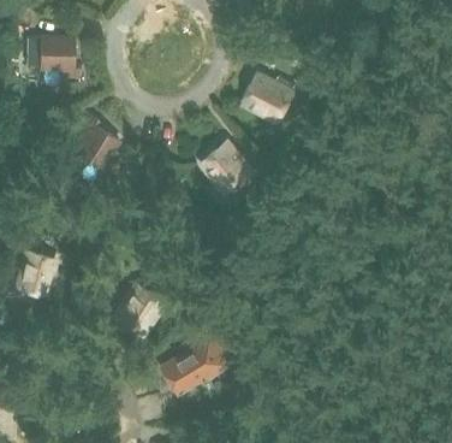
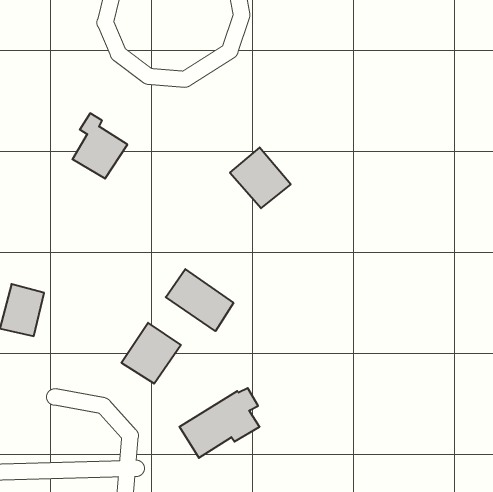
building: [35,37,75,78] -> none
building: [242,72,291,118] -> none
building: none -> [166,269,233,331]

